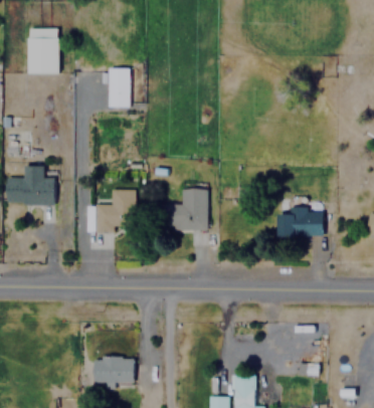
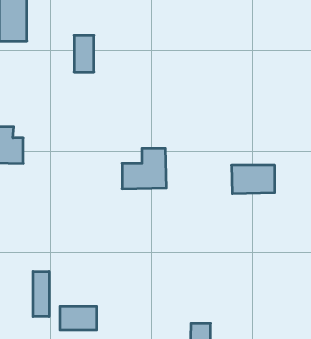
building: [98,190,137,233] -> none
building: none -> [33,271,49,317]

